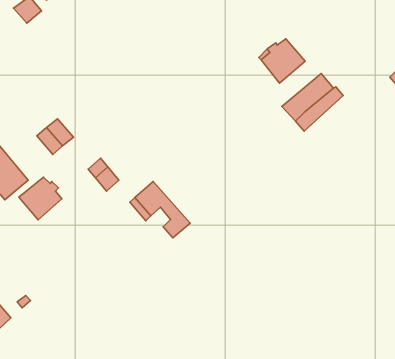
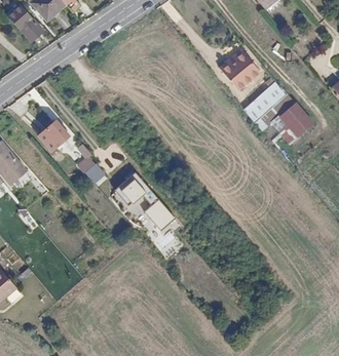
building: none -> [280,103,312,134]
building: [19,177,62,220] -> none

